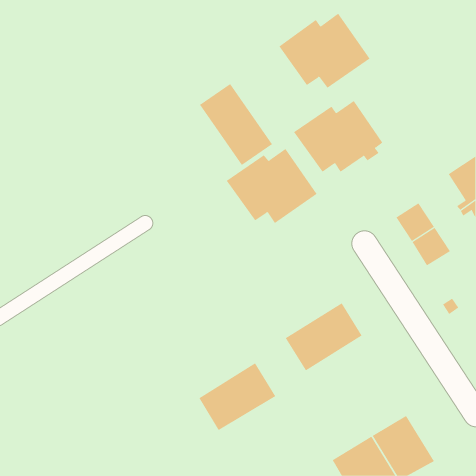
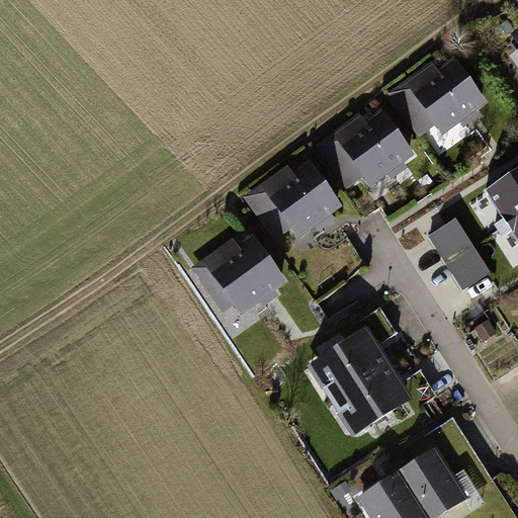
building: [279,13,370,89] -> [391,56,490,138]
building: [199,83,273,166] -> none
building: none -> [190,232,289,314]
building: [198,363,276,431] -> [330,362,414,436]

